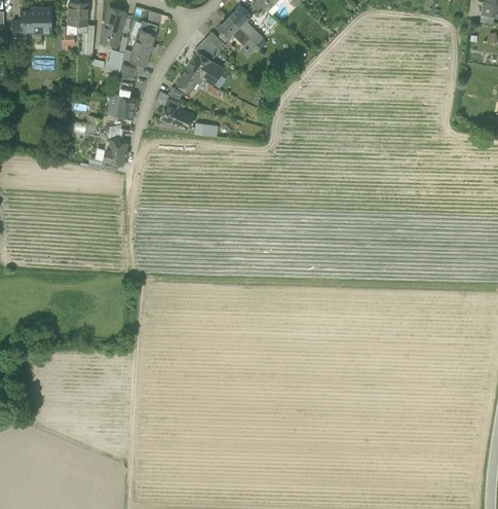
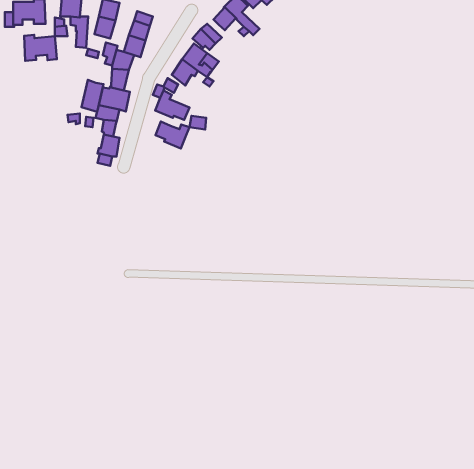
building: none -> [24,35,57,61]
building: none -> [81,80,103,112]
building: none -> [155,122,189,149]

